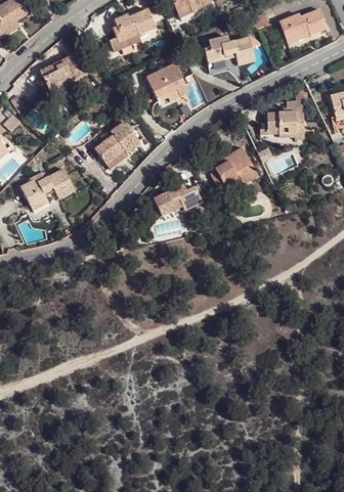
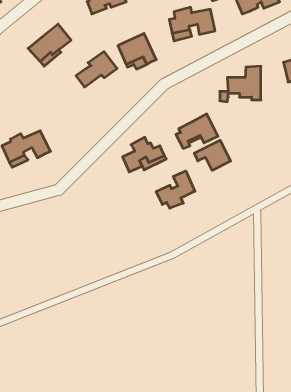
building: [96,125,141,164] -> [76,52,117,87]
building: none -> [194,140,231,170]
building: none -> [156,171,195,208]

